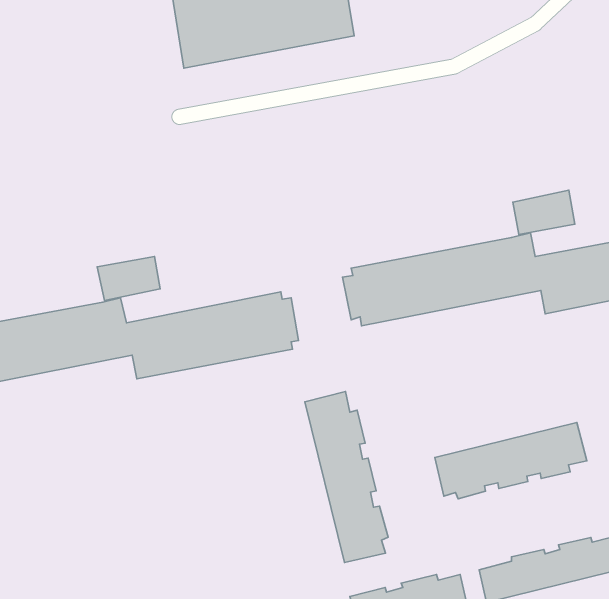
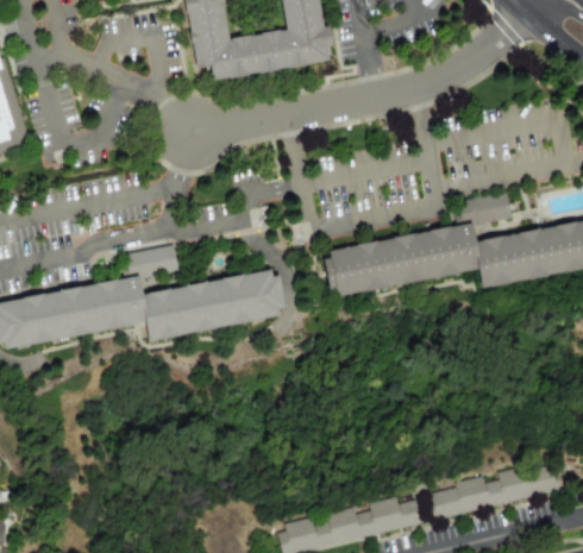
building: [305,391,388,563] -> none
building: [435,423,587,499] -> none

